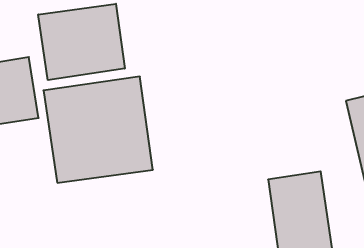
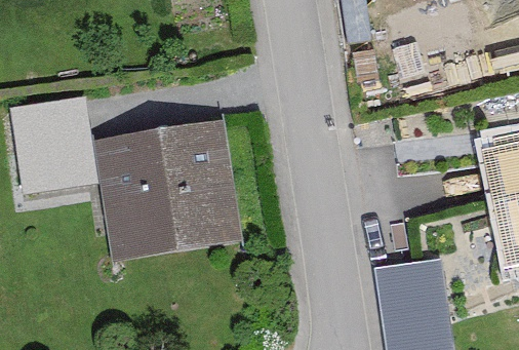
building: [38,4,125,80] -> none

